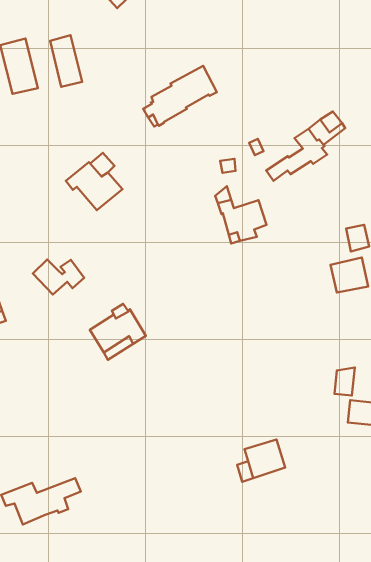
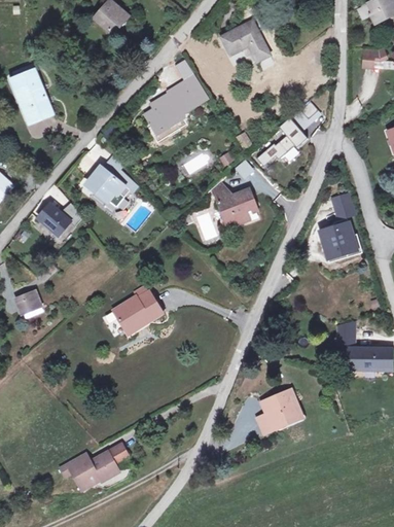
building: none -> [217,21,268,59]
building: [50,35,82,87] -> none
building: [33,260,84,294] -> [38,203,83,235]

